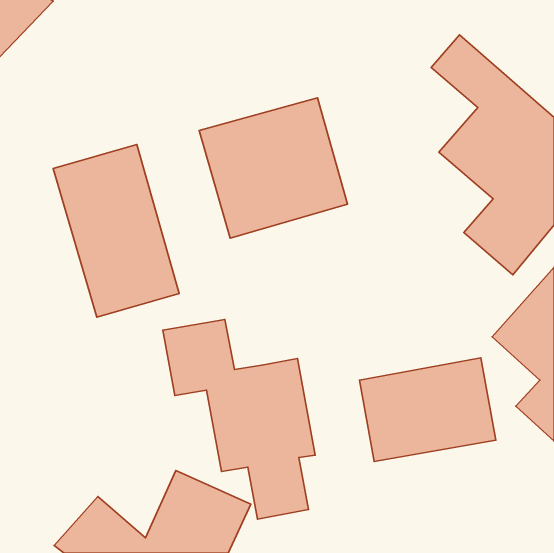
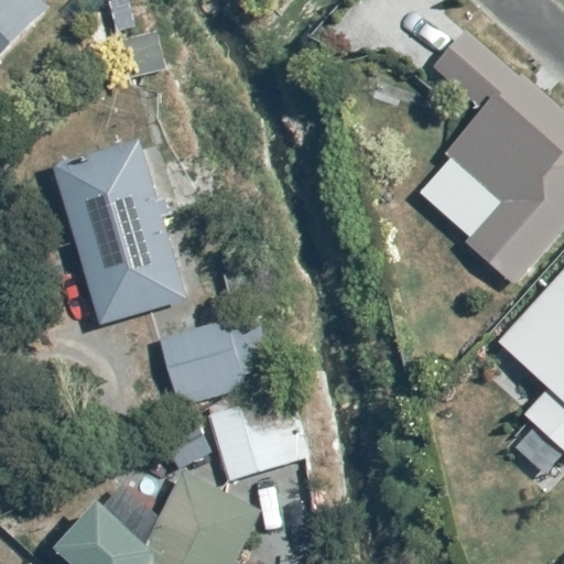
building: [199,98,348,238] -> none
building: [359,358,496,462] -> none

